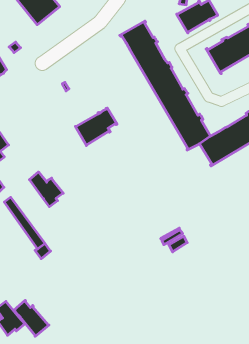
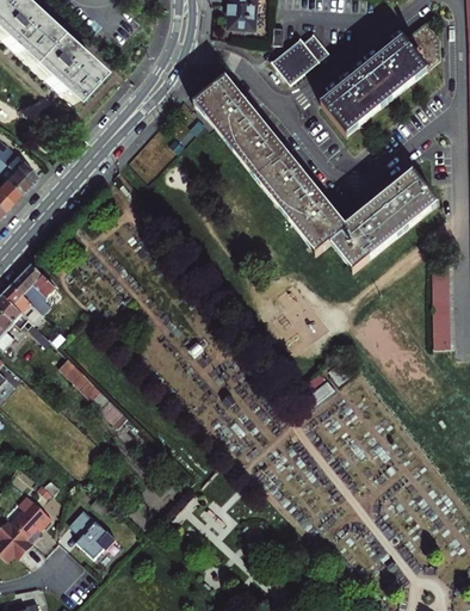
building: [75,108,117,146] -> none
building: [29,172,63,207] -> none
building: [14,300,49,336] -> none

